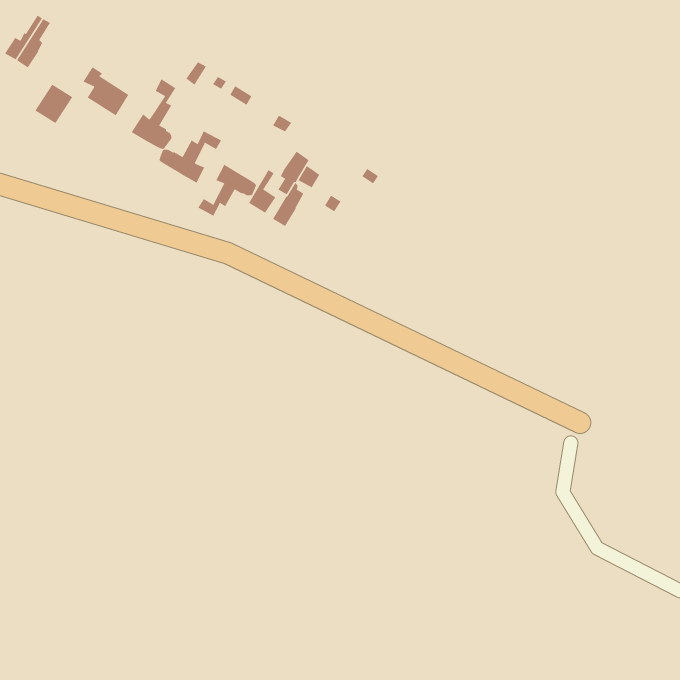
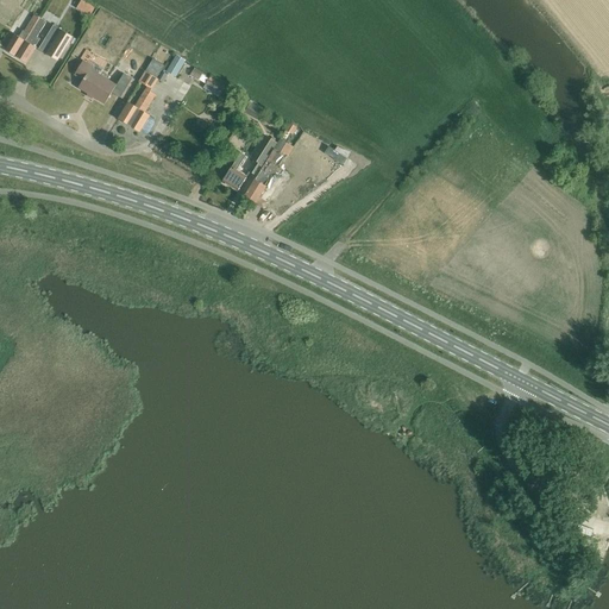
building: [34,84,73,124] -> [37,24,71,59]
building: [159,131,222,183] -> none
building: [198,164,257,217] -> none

